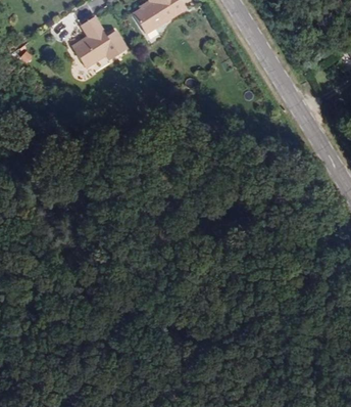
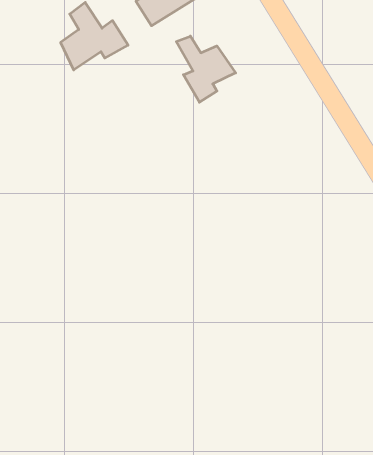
building: none -> [176,36,236,102]

